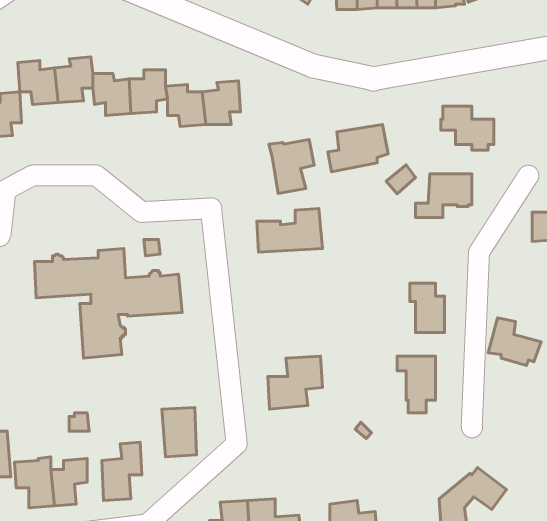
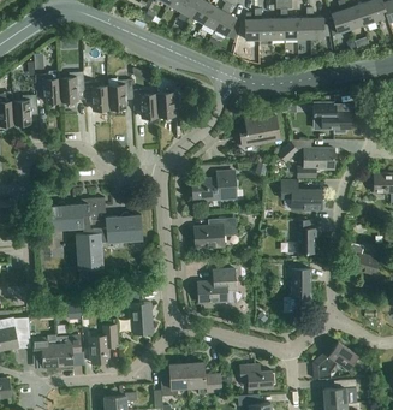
building: [269,139,314,194] -> none
building: none -> [281,180,321,209]
building: none -> [196,218,237,248]

